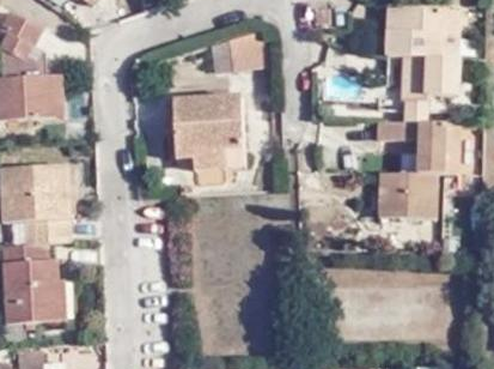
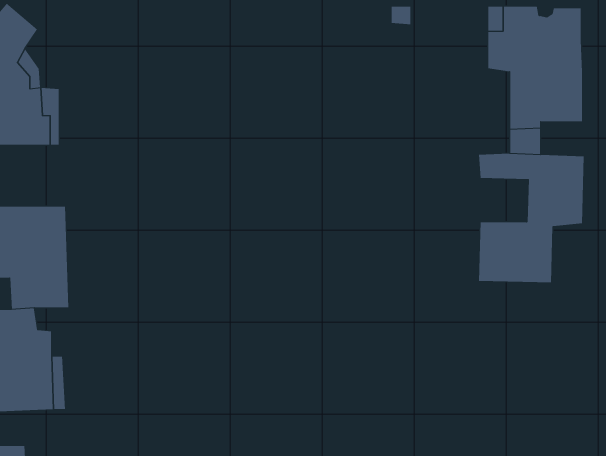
building: [230,32,266,71] -> none
building: [181,98,252,165] -> none

